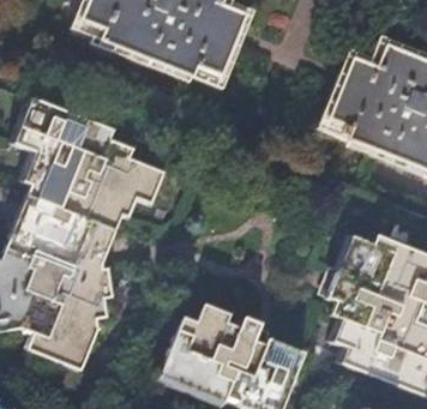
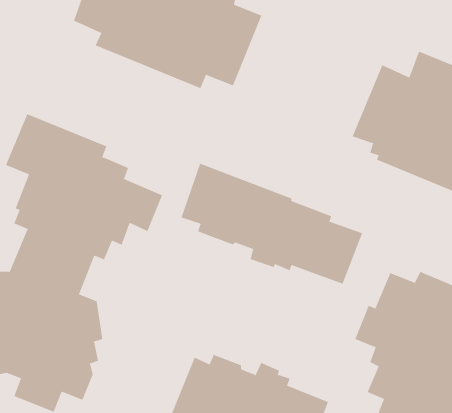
building: none -> [181,163,363,285]

